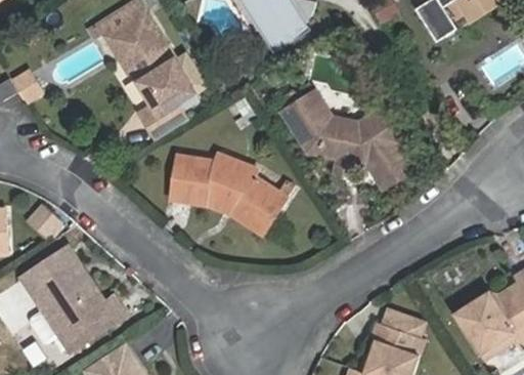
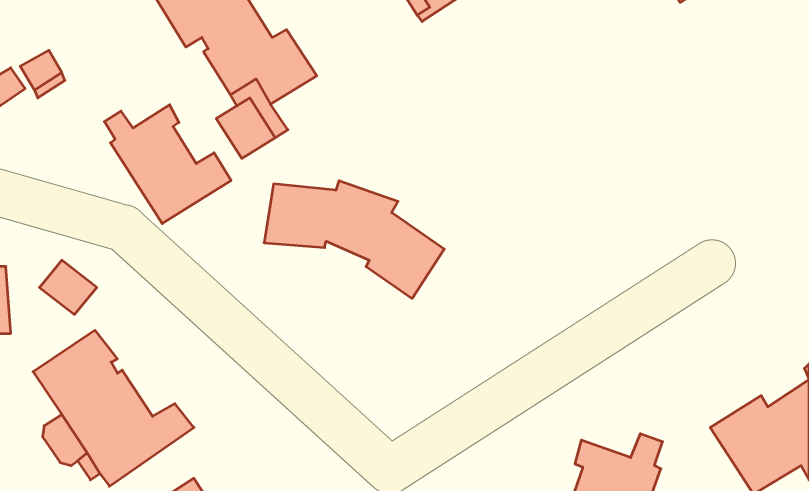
building: [282,92,414,190] -> none
building: none -> [104,105,231,224]

